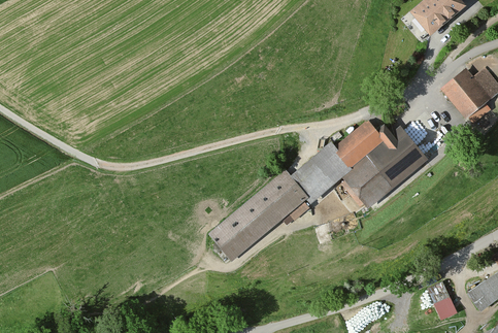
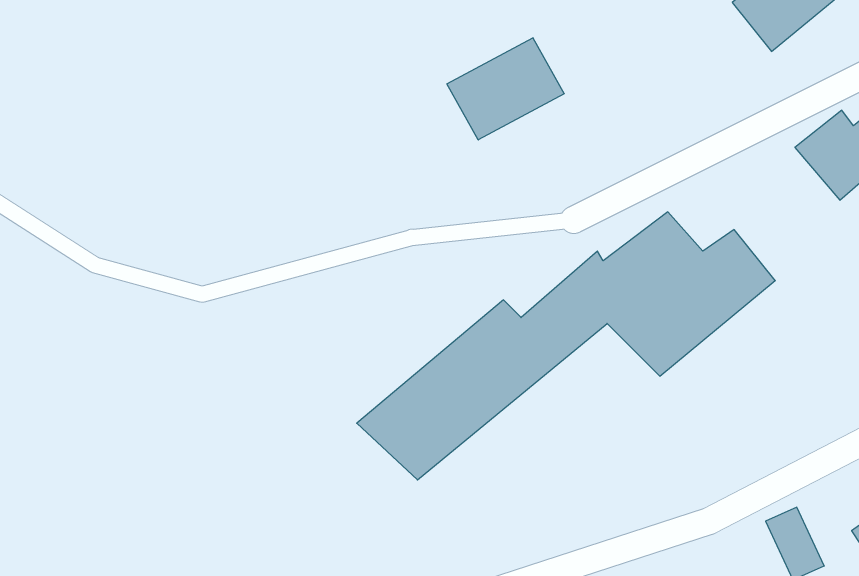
building: none -> [447,38,564,140]

